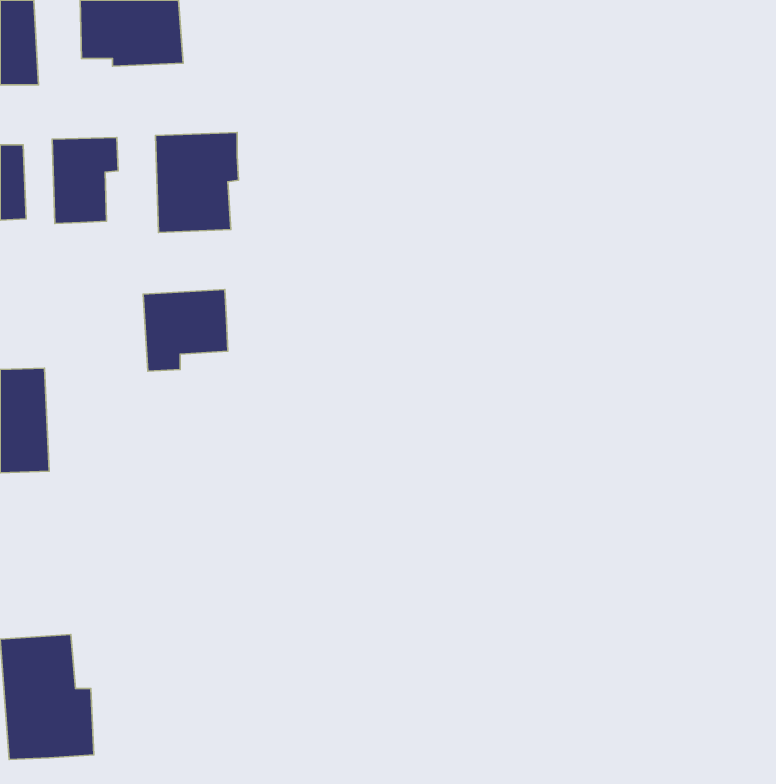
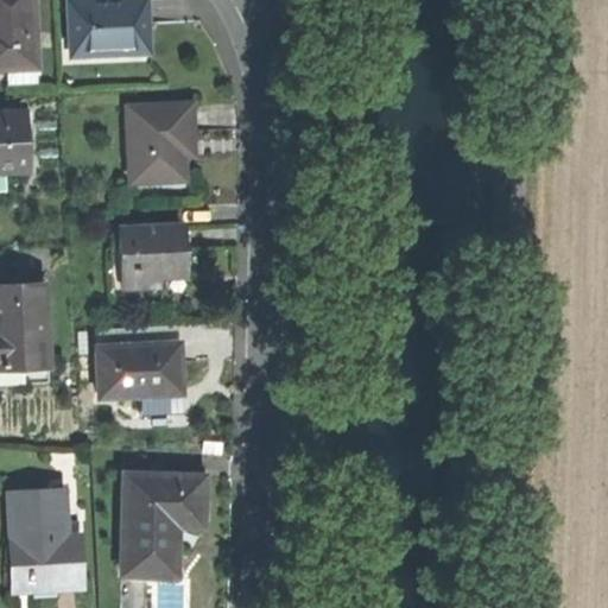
building: [52,137,118,223] -> none
building: none -> [97,341,180,397]
building: none -> [125,471,205,571]

